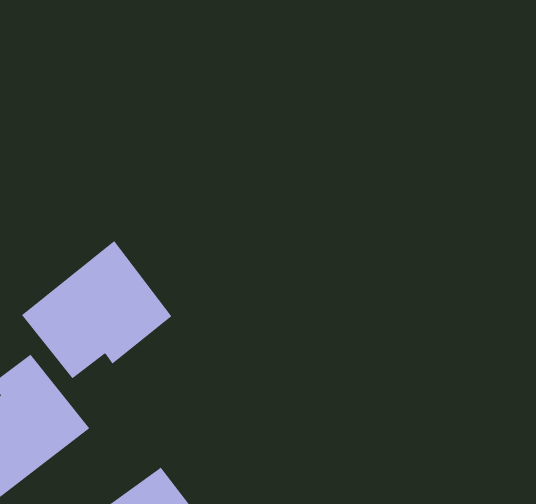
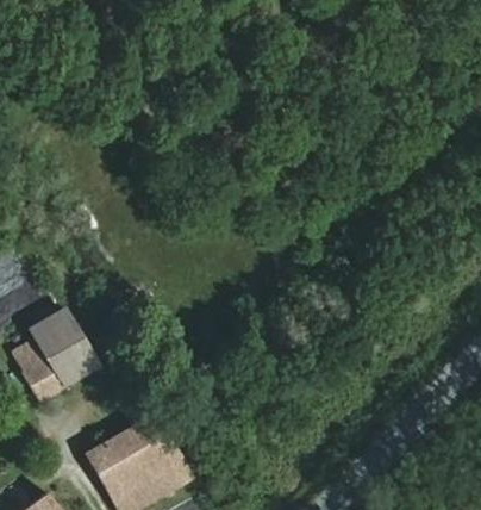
building: [21,240,172,379] -> none

